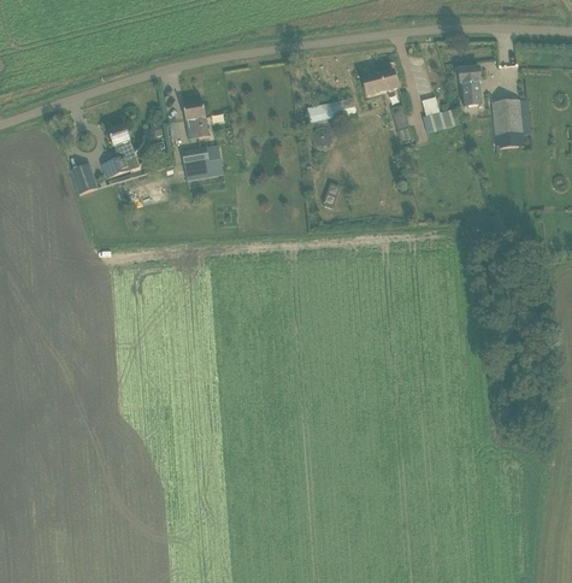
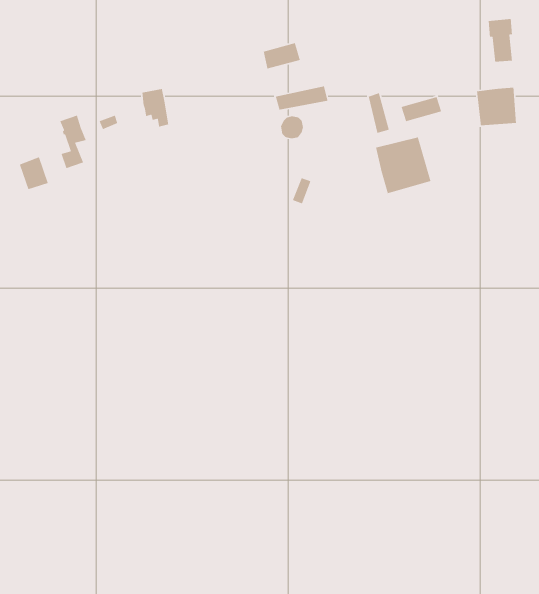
building: [458,65,480,106] -> [488,18,513,62]
building: [362,69,397,94] -> [263,42,301,70]
building: [181,143,223,179] -> none
building: none -> [375,137,431,194]

